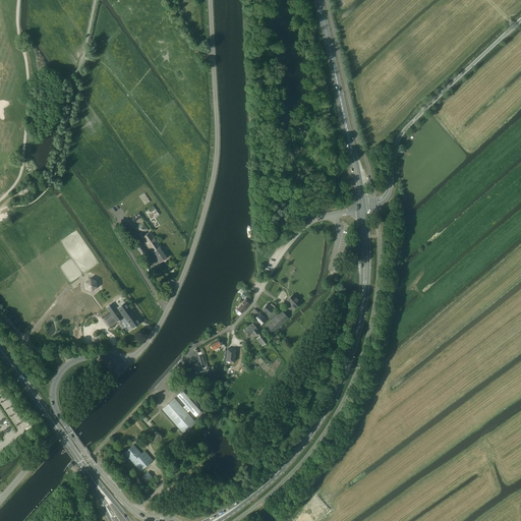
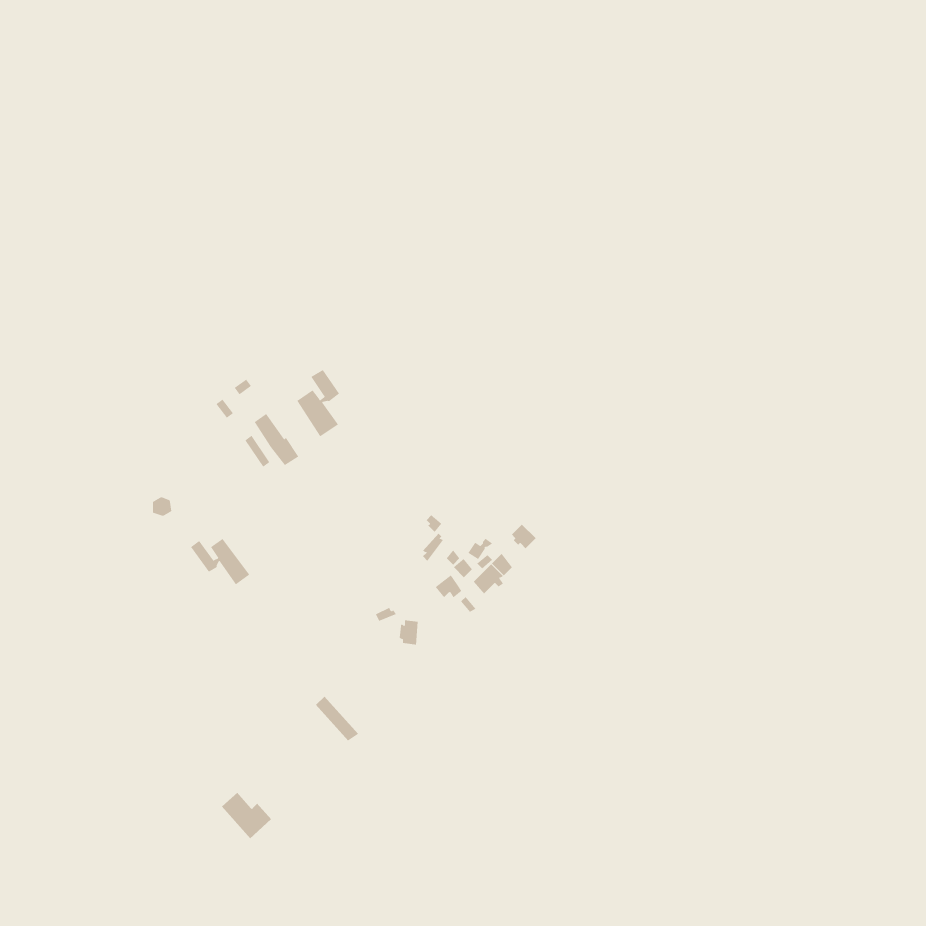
building: none -> [296,369,340,437]
building: [162,398,196,433] -> none

